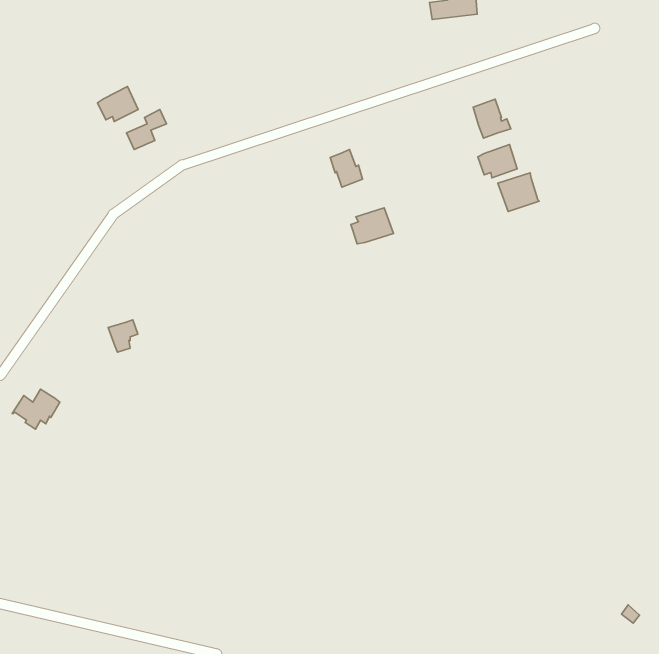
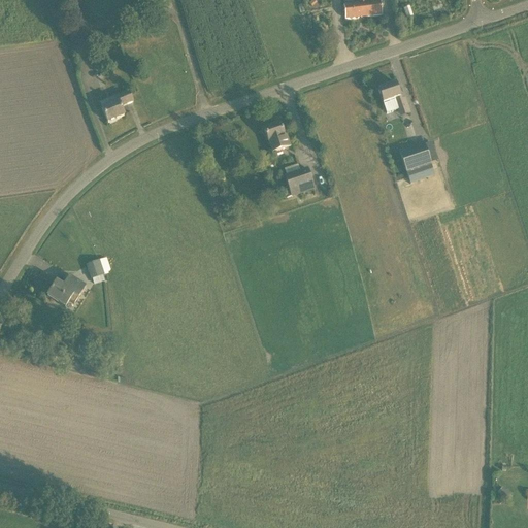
building: [98,87,138,122] -> none
building: [478,145,517,178] -> none
building: [12,389,60,429] -> [47,273,86,305]

